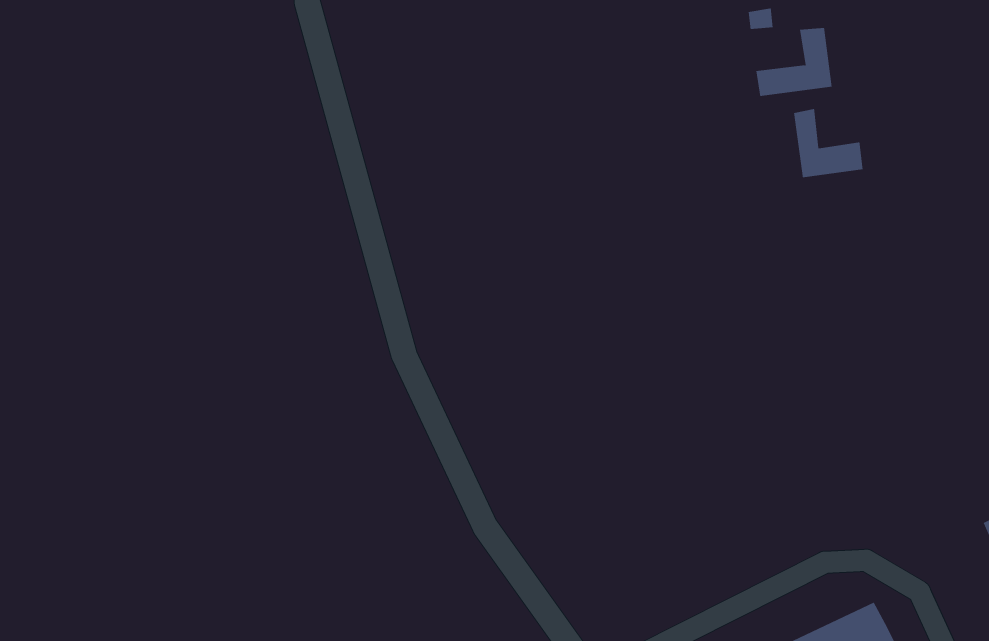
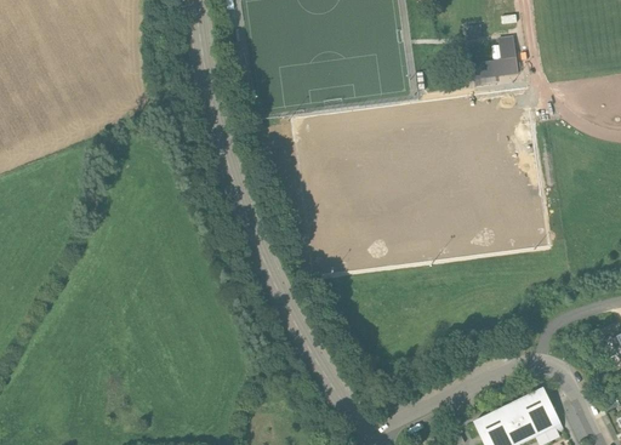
building: [794,108,863,178] -> none

